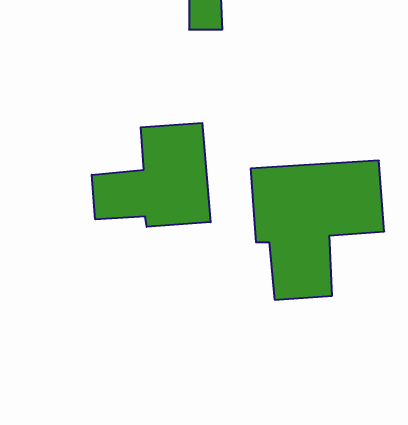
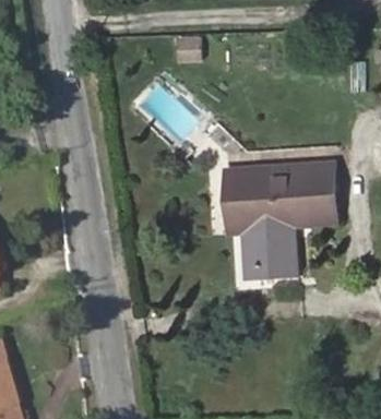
building: [92,123,211,227] -> none

